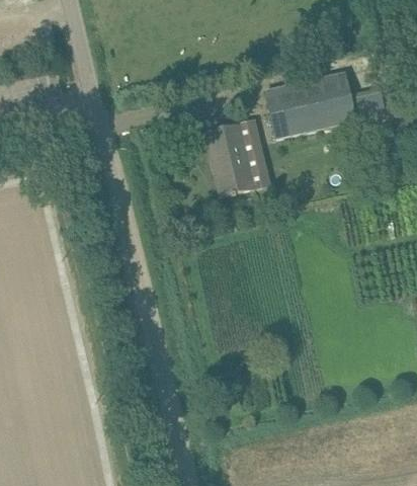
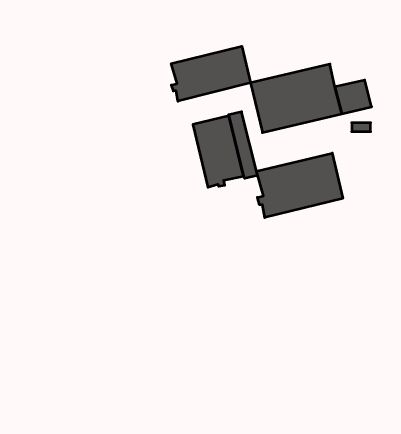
building: none -> [171,46,251,101]
building: none -> [256,153,343,218]

